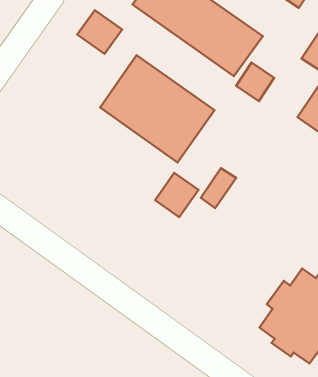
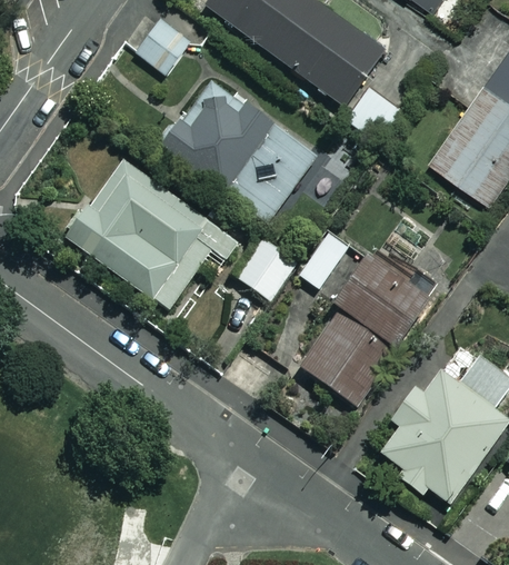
building: none -> [64,160,238,309]
building: none -> [301,242,439,403]

